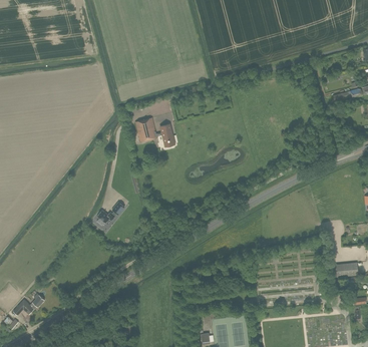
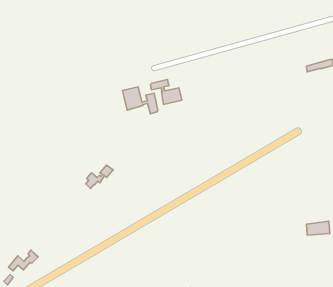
building: none -> [151,79,182,104]

